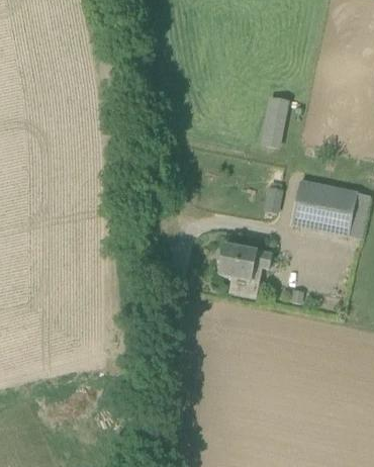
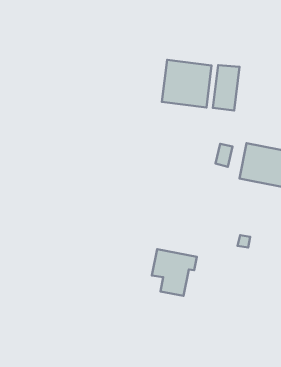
building: none -> [162,60,212,107]
building: [218,242,270,295] -> [152,249,197,296]

